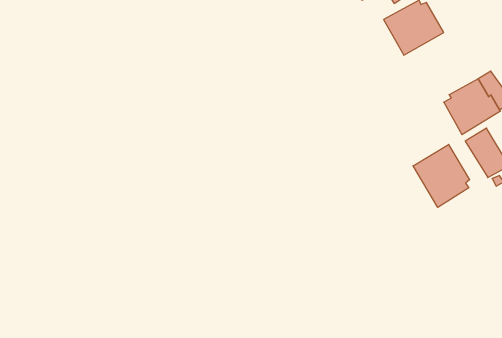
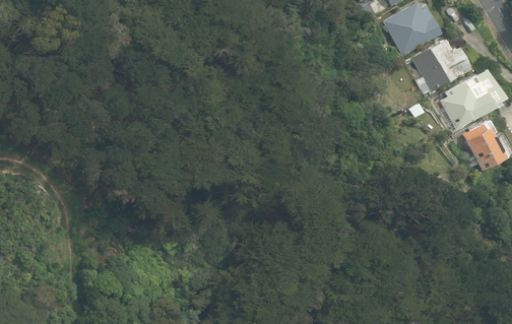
building: none -> [411,38,469,90]
building: [413,144,470,207] -> none

